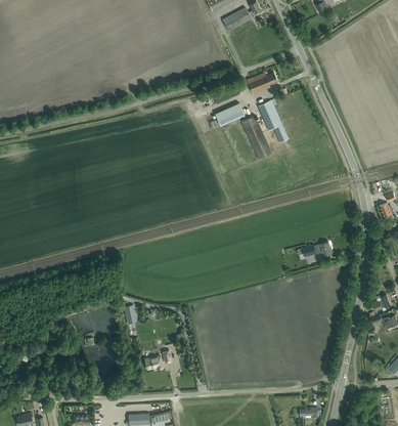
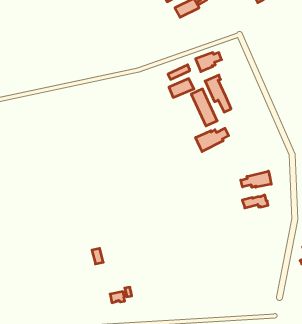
building: none -> [196,128,229,152]
building: none -> [241,171,271,187]

